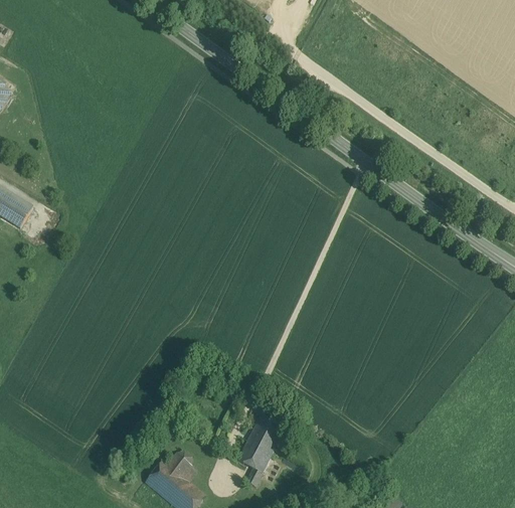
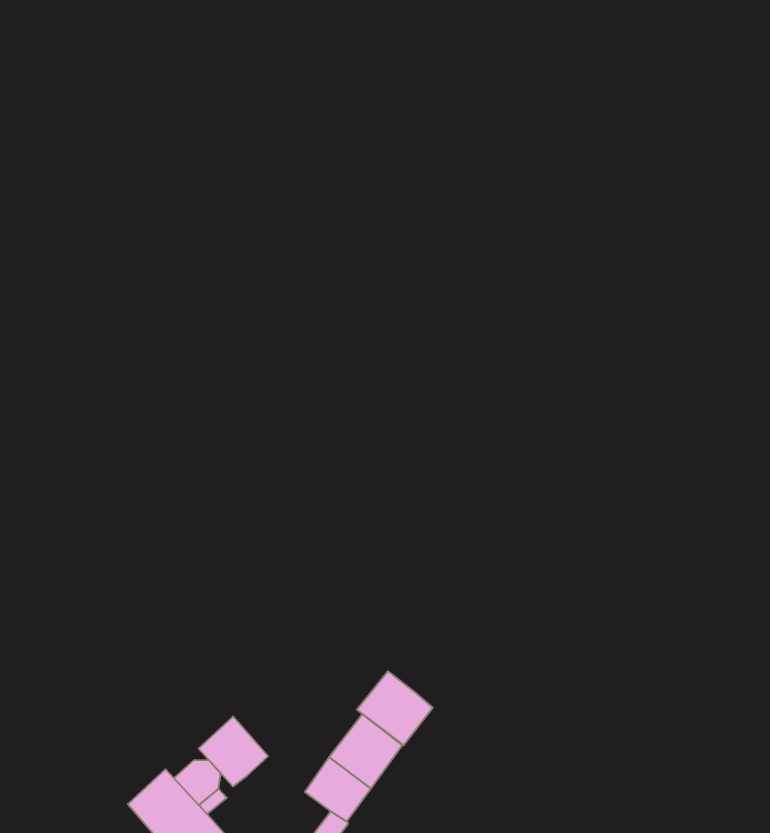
building: none -> [357,671,433,745]
building: none -> [199,716,268,786]

